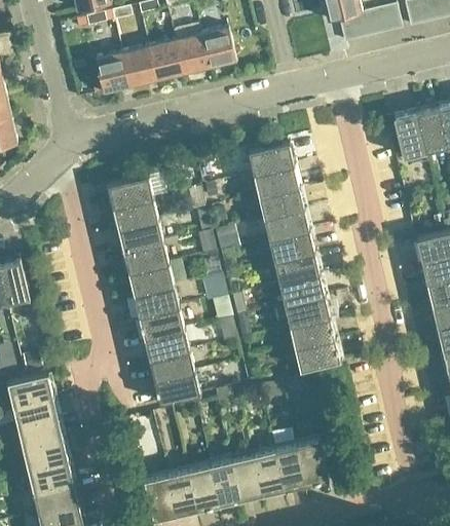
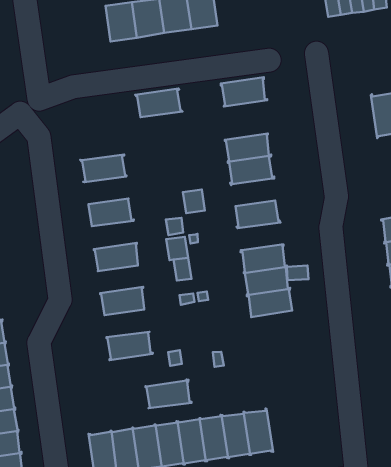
building: [95,52,130,93] -> none
building: [248,142,295,175] -> [221,77,267,107]
building: [106,176,154,208] -> [135,88,182,117]
building: [264,209,310,240] -> none
building: [117,220,164,252] -> none
building: [273,252,318,283] -> none
building: [127,261,186,295] -> none
building: [138,306,185,338] -> none
building: [294,338,341,371] -> none
building: [148,349,195,381] -> [145,380,192,408]

